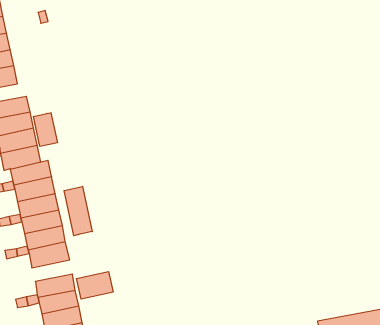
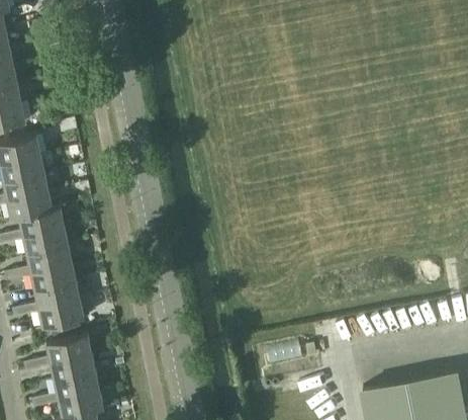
building: [33,113,57,146] -> none
building: [64,186,92,236] -> none
building: [76,272,113,299] -> none

